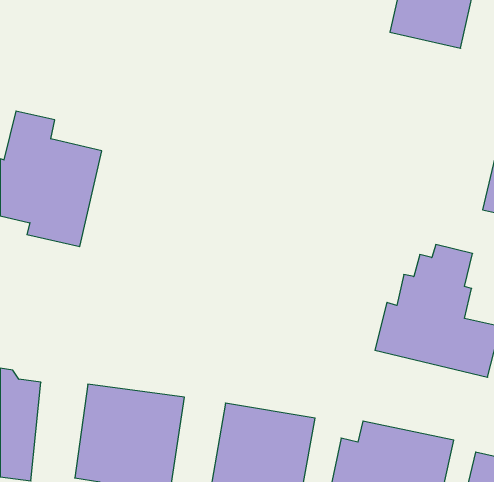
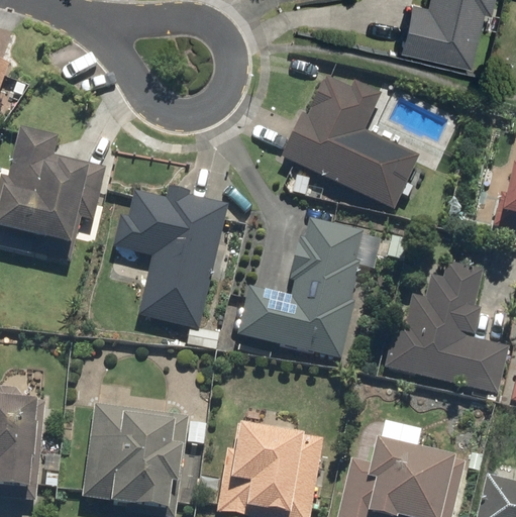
building: none -> [279,73,423,213]
building: none -> [113,186,225,329]
building: none -> [236,217,382,359]

